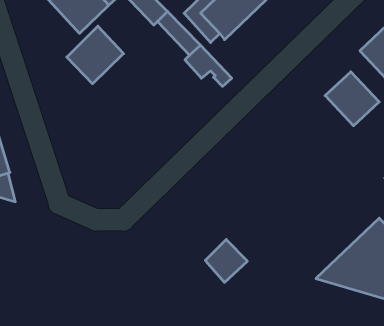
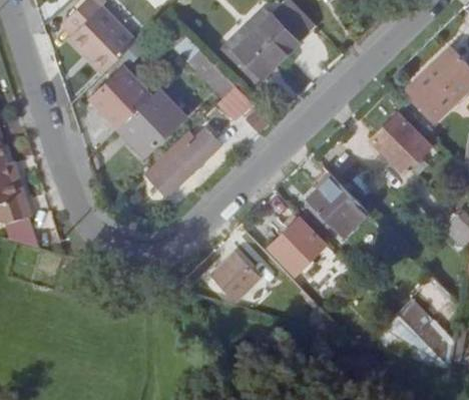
building: none -> [116,87,183,154]
building: none -> [149,129,223,195]
building: none -> [310,176,372,240]
building: none -> [270,216,325,270]
building: [205,239,247,282] -> [211,249,258,296]

